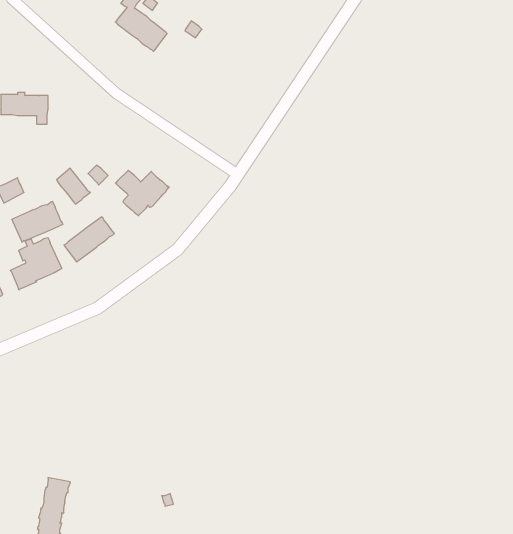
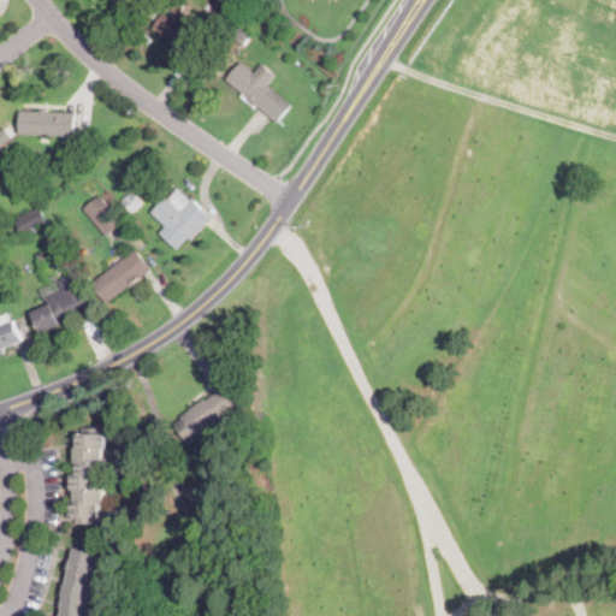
building: none -> [223,60,290,120]
building: [12,201,63,242] -> none
building: none -> [172,385,237,443]
building: none -> [69,428,107,523]

